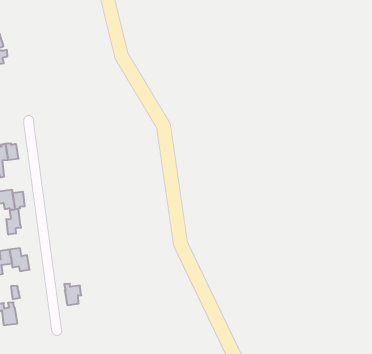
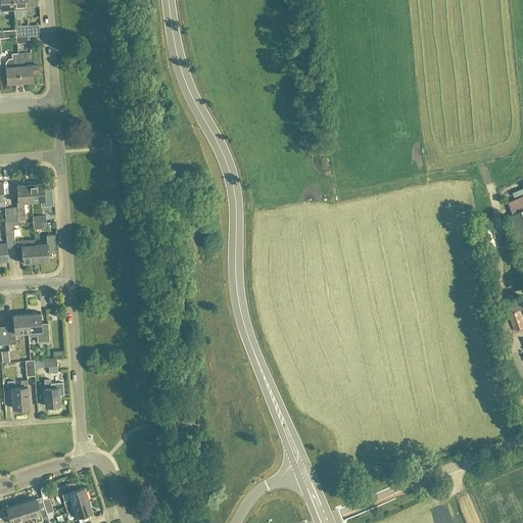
building: [6,209,21,235] -> none
building: [64,284,81,305] -> [44,380,64,407]

